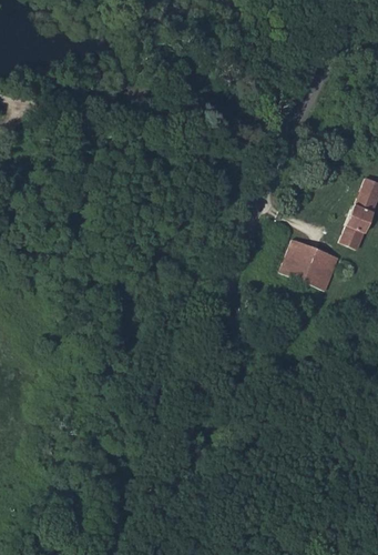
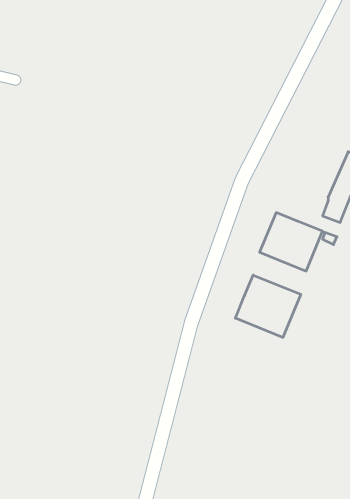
building: none -> [235,275,301,337]

